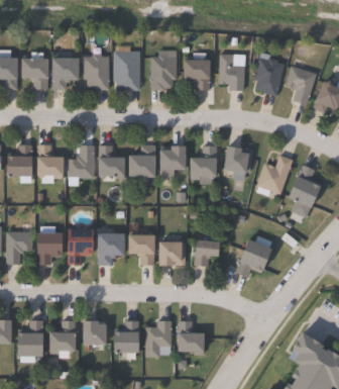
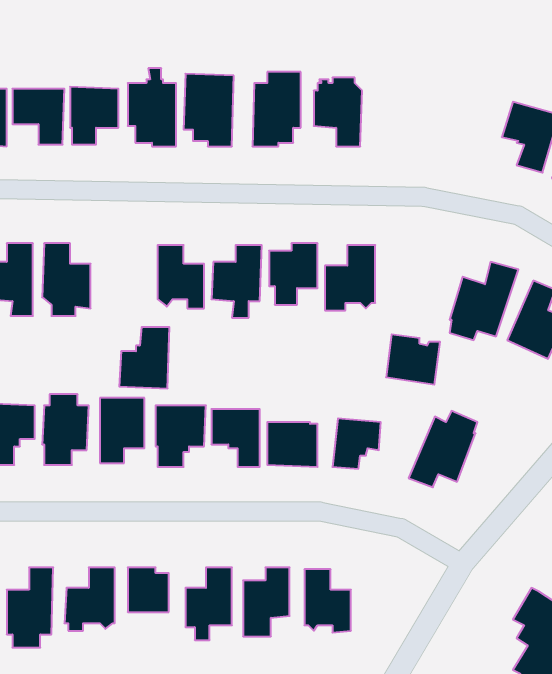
building: [219,54,245,91] -> none
building: [254,58,285,97] -> none
building: [68,144,95,178] -> [119,327,169,388]
building: [224,144,253,172] -> [386,334,440,385]

